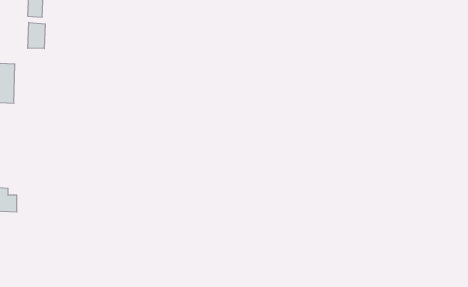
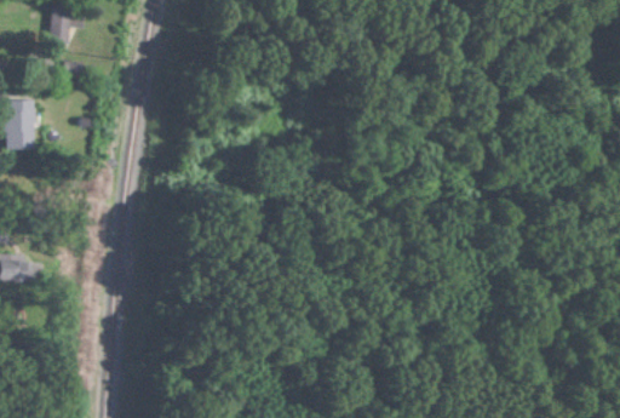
building: [28,22,45,49] -> none

